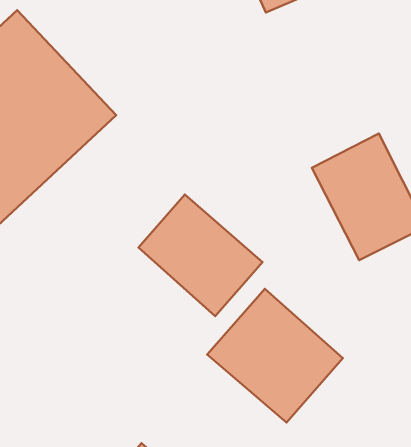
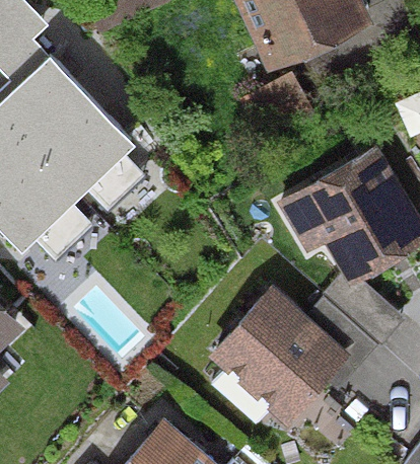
building: [138,194,262,316] -> none

